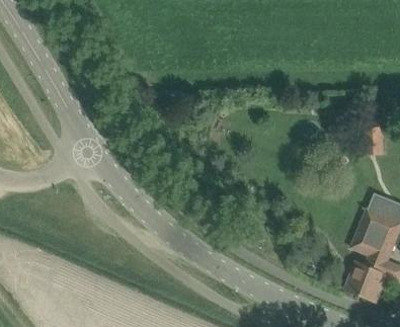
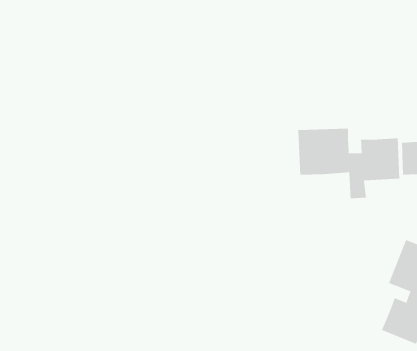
building: none -> [297,128,400,199]

